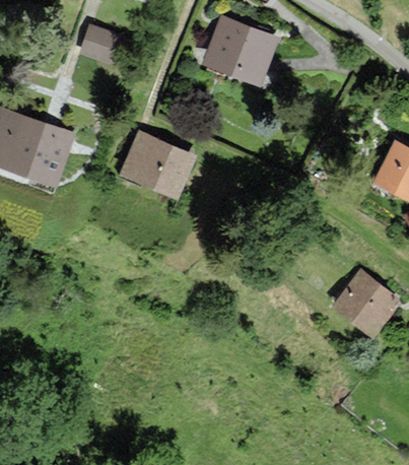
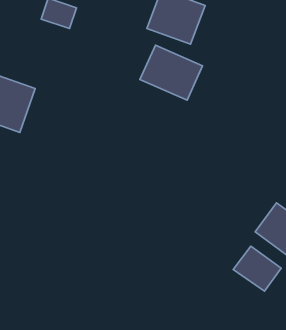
building: [121,133,195,198] -> [140,45,203,100]
building: none -> [233,246,281,291]

